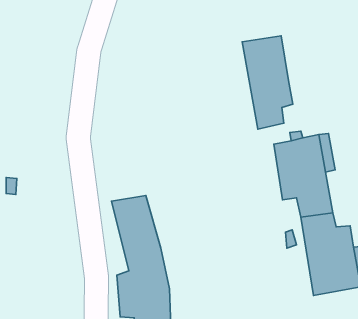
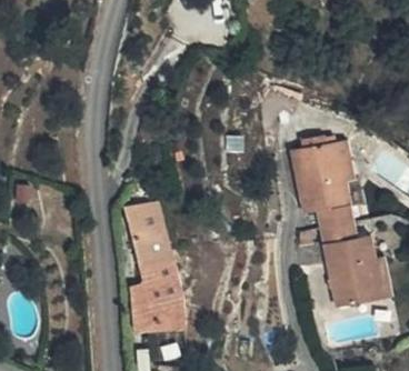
building: [242,36,293,129] -> none

